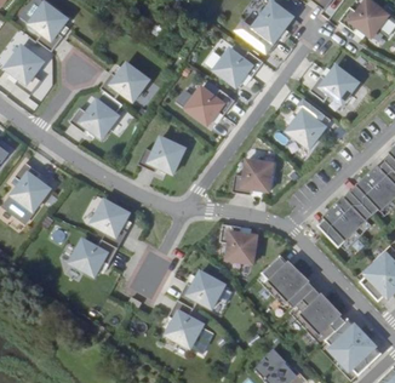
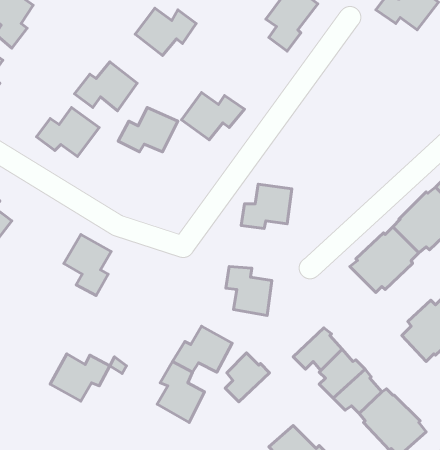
building: [214,48,263,86] -> [135,8,196,56]
building: [310,65,359,103] -> none
building: [287,98,326,148] -> none
building: [137,137,184,172] -> [118,107,178,152]
building: [70,238,118,275] -> [50,354,110,401]
building: [263,257,298,296] -> [225,353,270,402]

